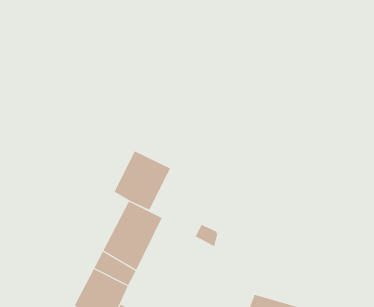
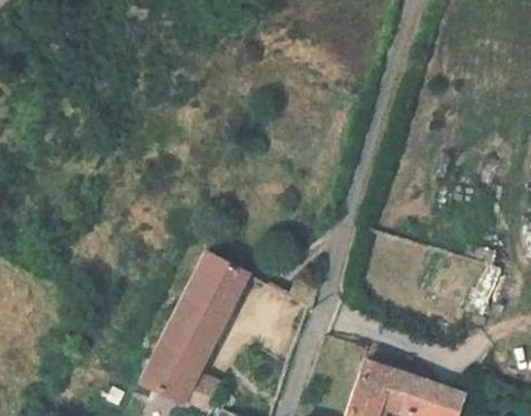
building: [114,151,171,210] -> none

